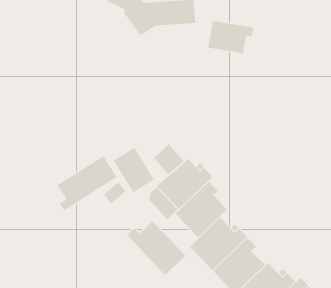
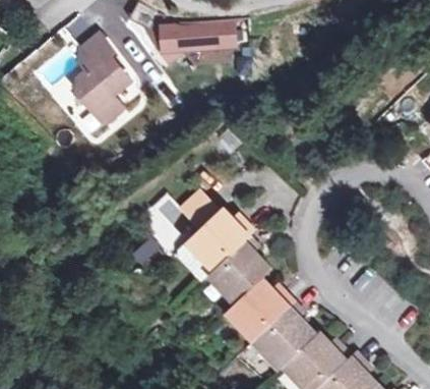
building: none -> [76,39,128,125]
building: [207,20,254,54] -> none
building: [56,155,118,211] -> none
building: [126,220,186,276] -> none

